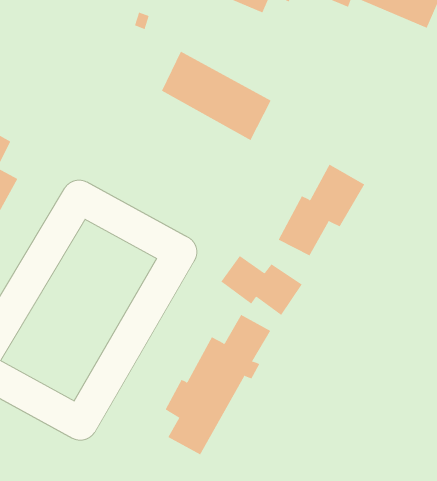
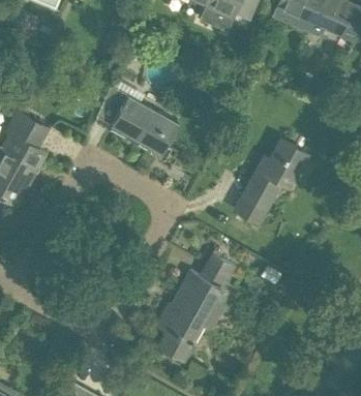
building: [161,51,272,141] -> [96,87,179,154]
building: [221,255,303,316] -> none

